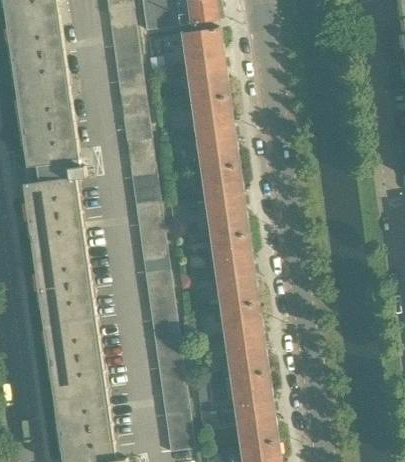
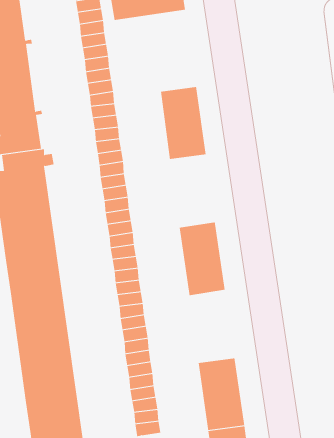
building: [183,28,230,103] -> none
building: [202,167,249,241] -> none
building: [222,304,269,378] -> none

